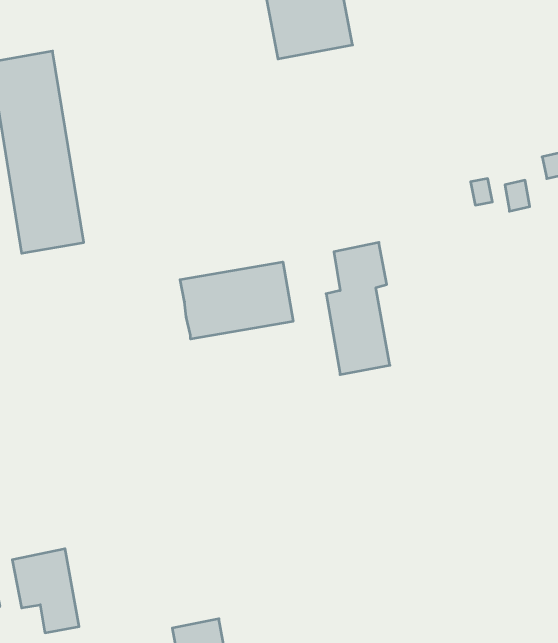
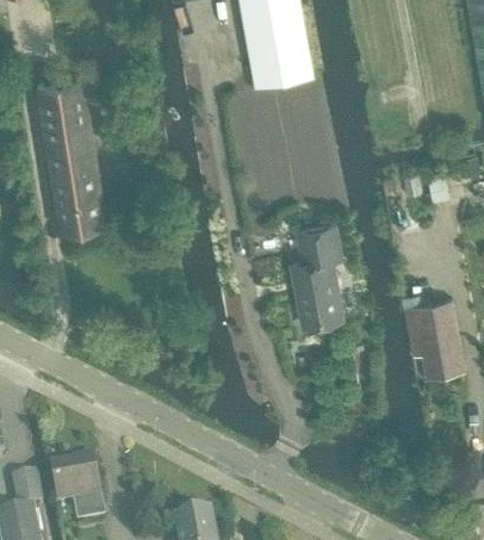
building: [180,262,293,339] -> none
building: none -> [404,300,464,378]

